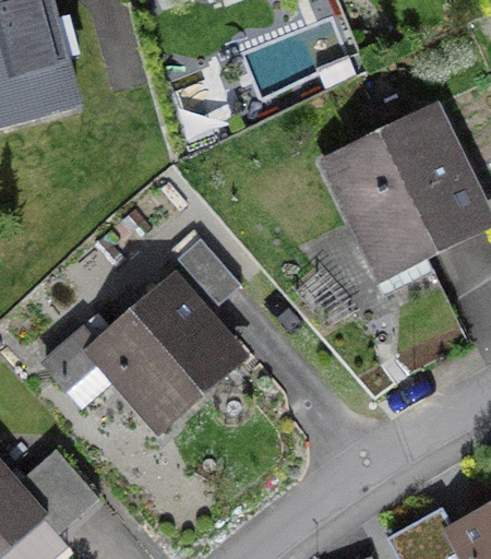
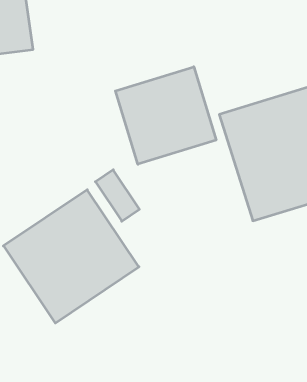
building: none -> [115,67,216,164]

